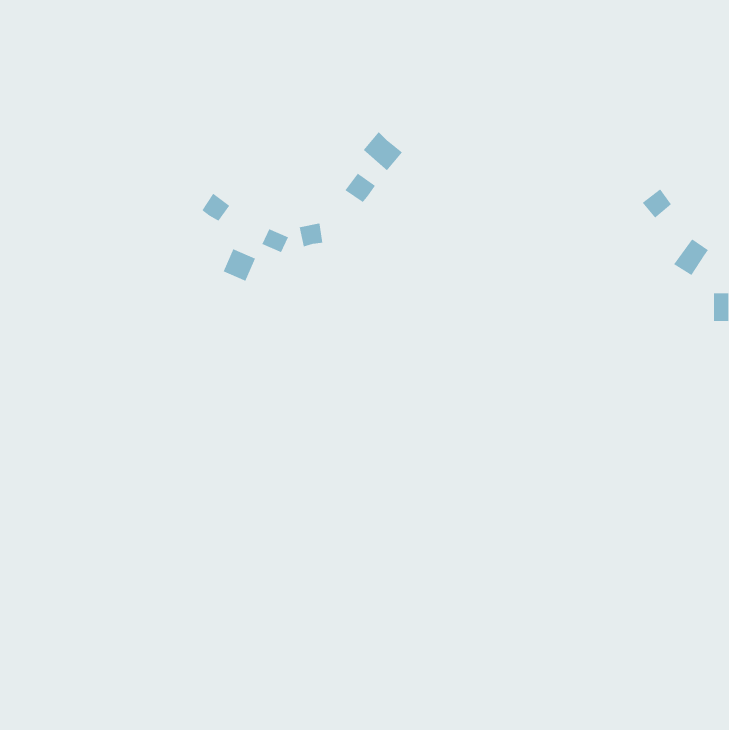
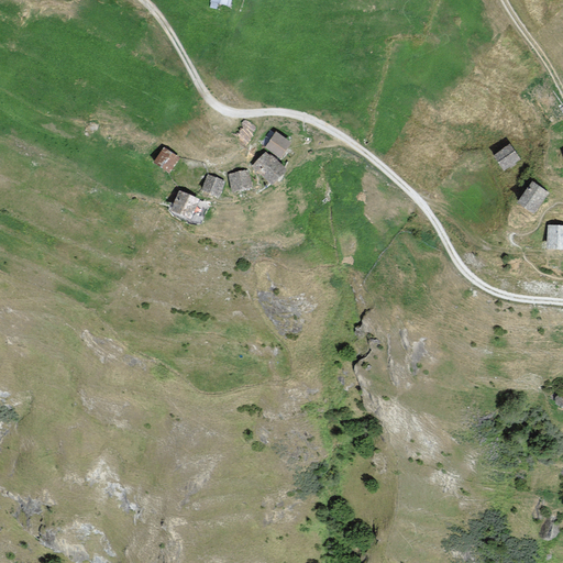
building: [363,131,403,171] -> [253,152,284,183]

